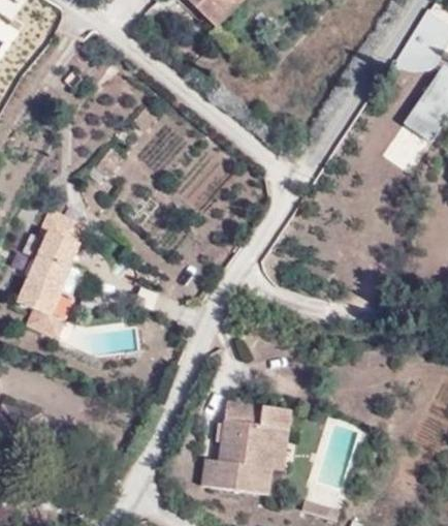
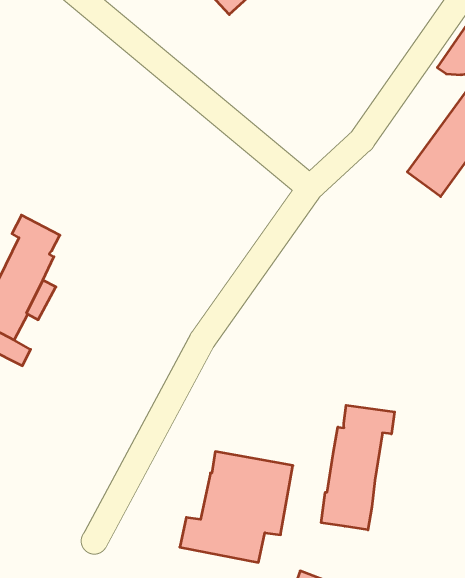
building: none -> [321,405,395,530]

